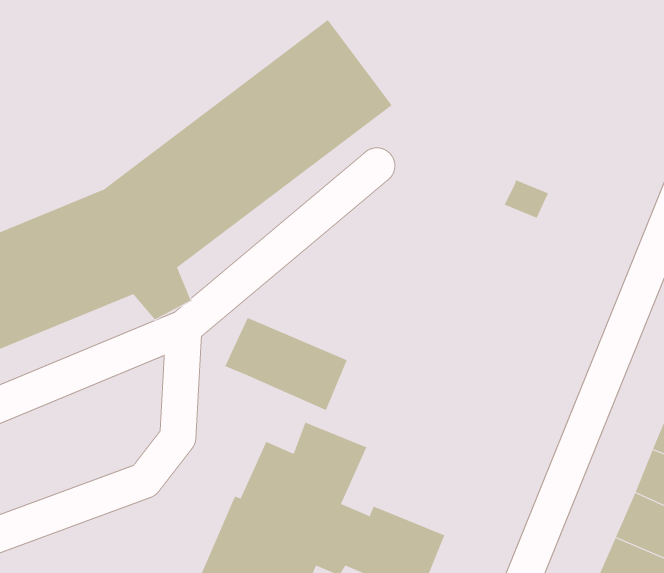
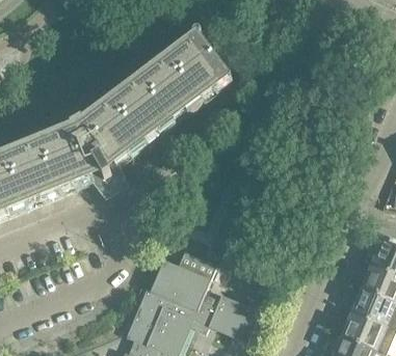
building: [225,317,348,411] -> none

